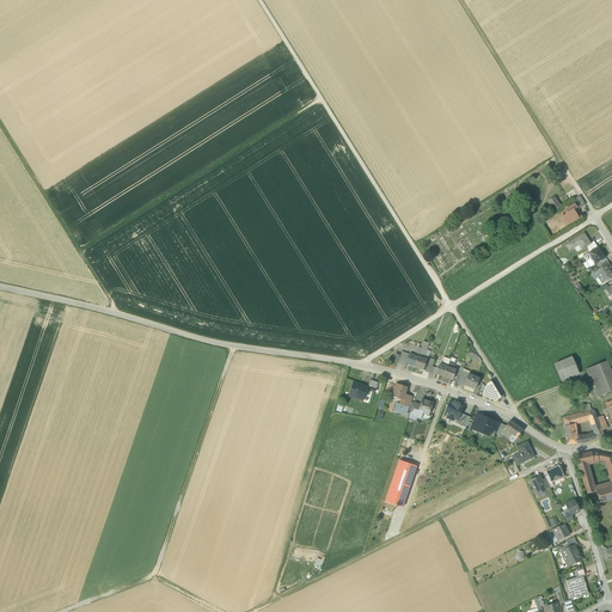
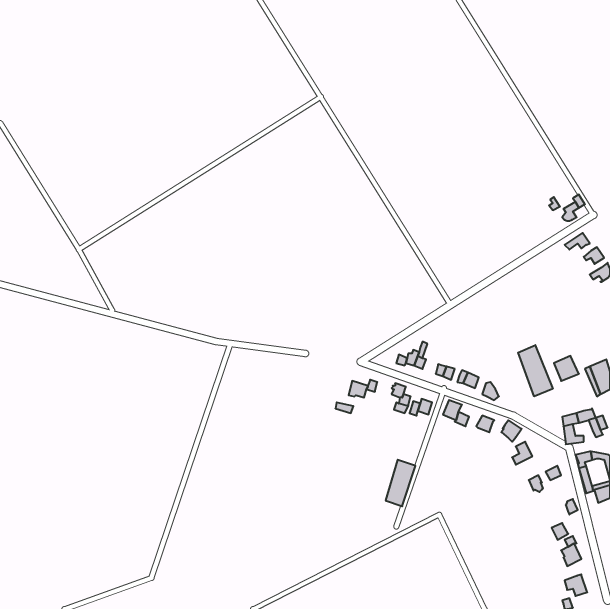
building: none -> [518,345,553,396]

